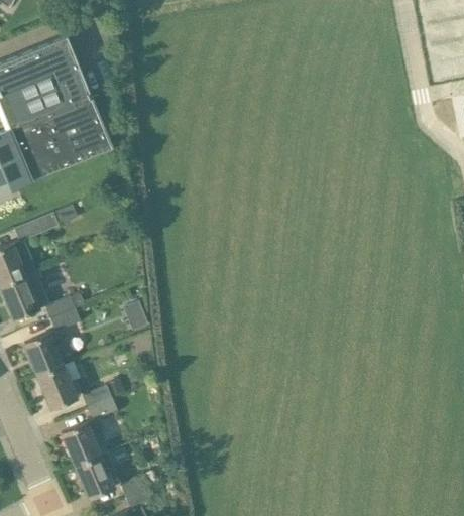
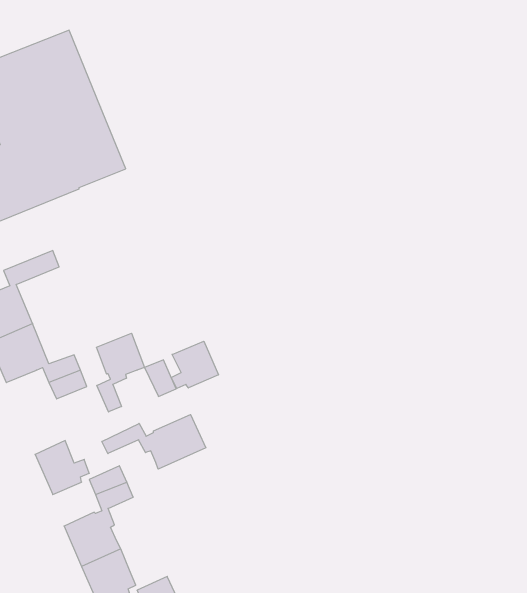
building: none -> [97,333,145,412]
building: none -> [171,341,218,388]
building: [23,333,67,376] -> none
building: none -> [102,415,206,469]

